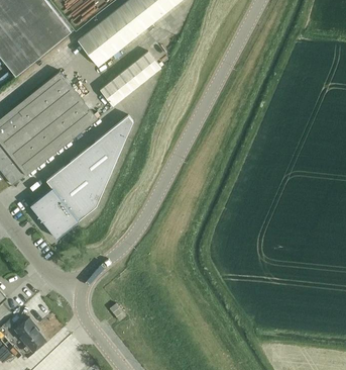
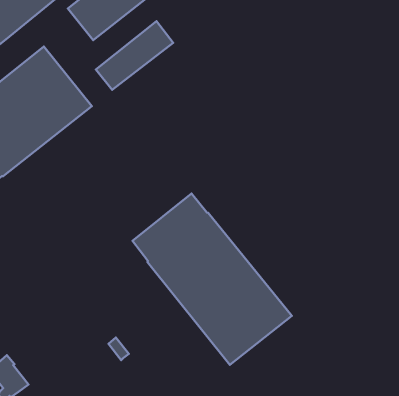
building: [30,115,133,239] -> none
building: none -> [132,194,292,365]

